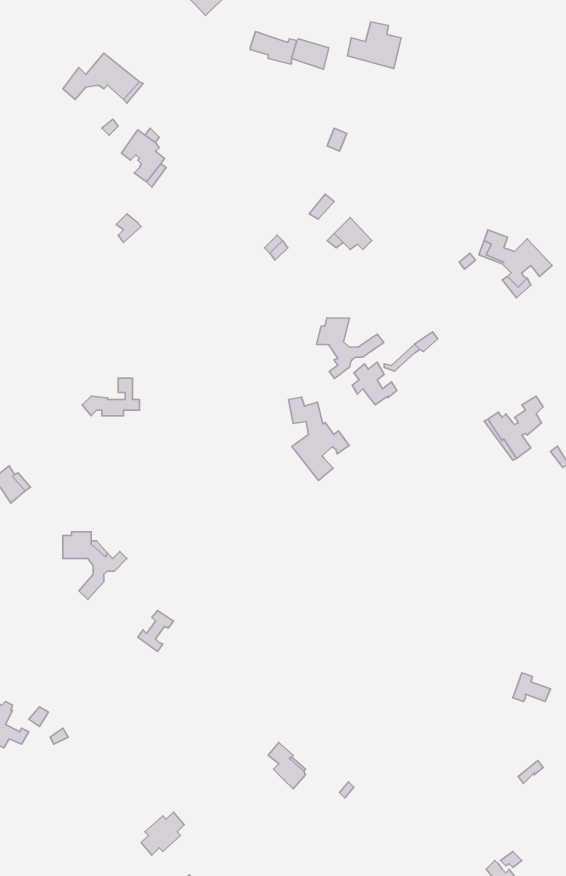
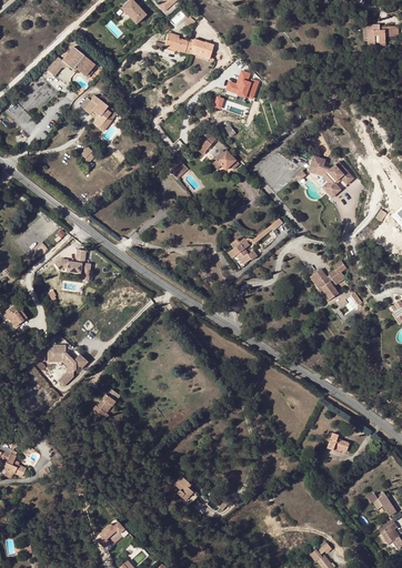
building: [348,22,401,68] -> [224,70,258,99]
building: [317,318,384,379] -> none
building: [288,397,349,480] -> none

